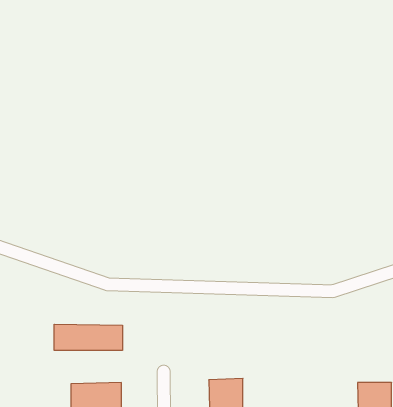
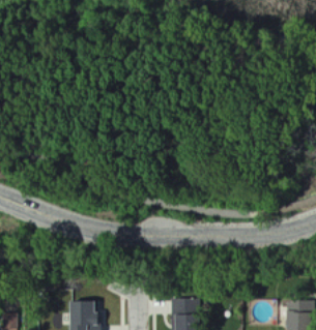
building: [54,324,122,350] -> none

